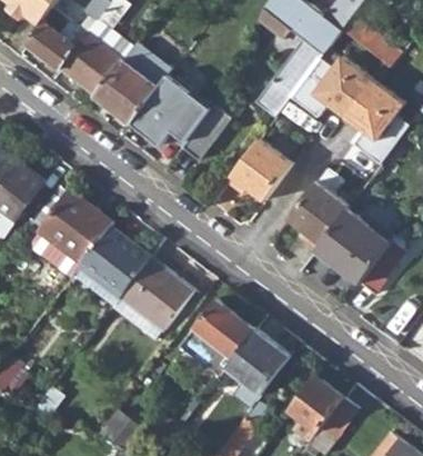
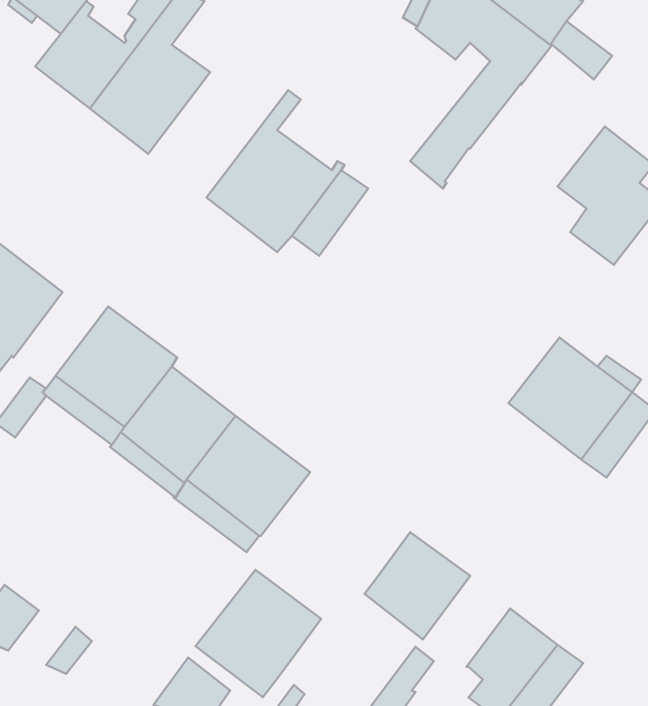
building: [94,44,180,123] -> none
building: [289,57,373,118] -> none
building: [225,139,291,201] -> none
building: [286,181,348,249] -> none
building: [178,298,254,376] -> [196,570,321,697]

